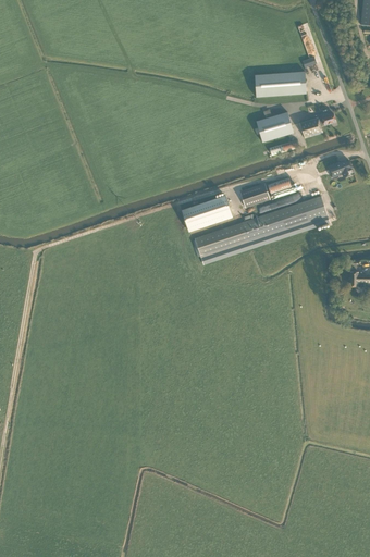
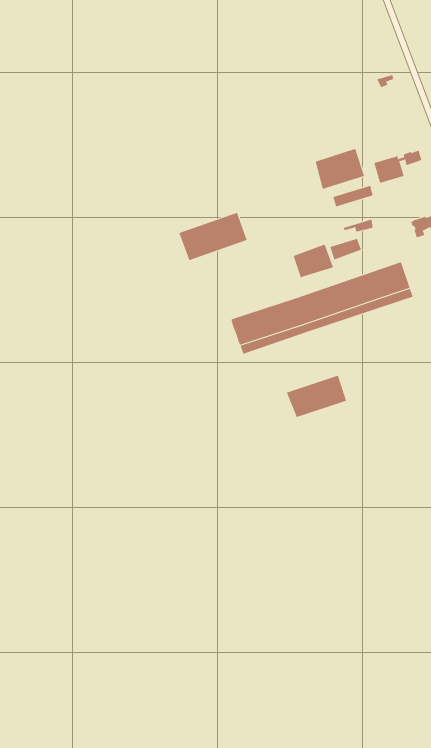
building: [254,70,306,96] -> none
building: [181,194,232,230] -> [179,212,248,261]
building: none -> [286,375,347,418]

